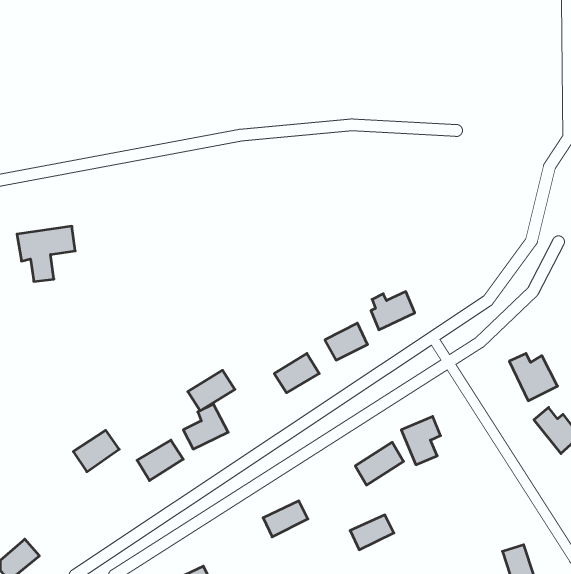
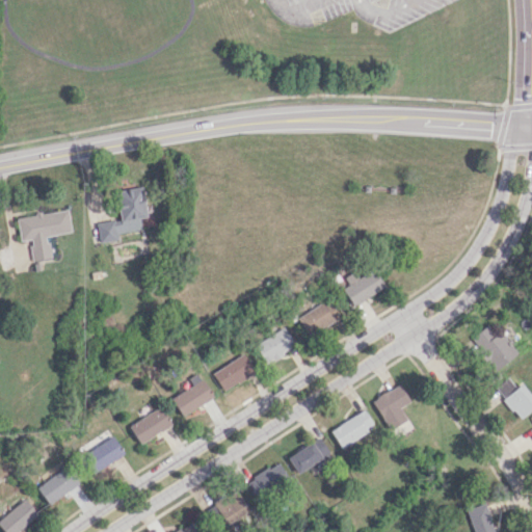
building: none -> [98,187,149,243]
building: [188,370,235,411] -> [214,354,258,392]
building: [73,430,119,472] -> [83,436,126,475]
building: none -> [38,468,79,505]
building: [350,515,394,550] -> [288,441,328,473]
building: none -> [210,491,248,527]

